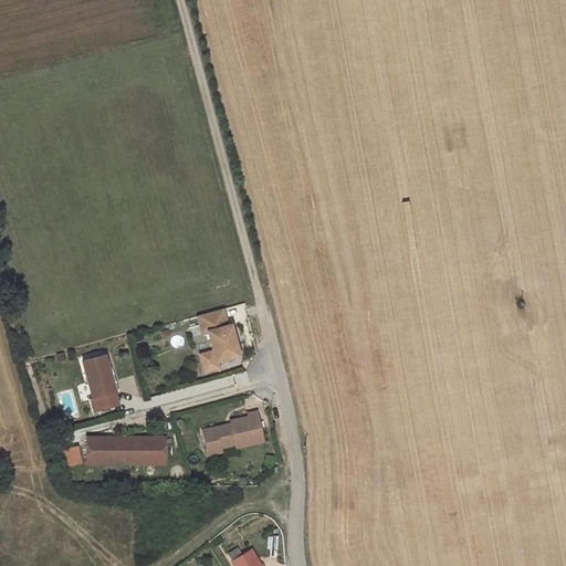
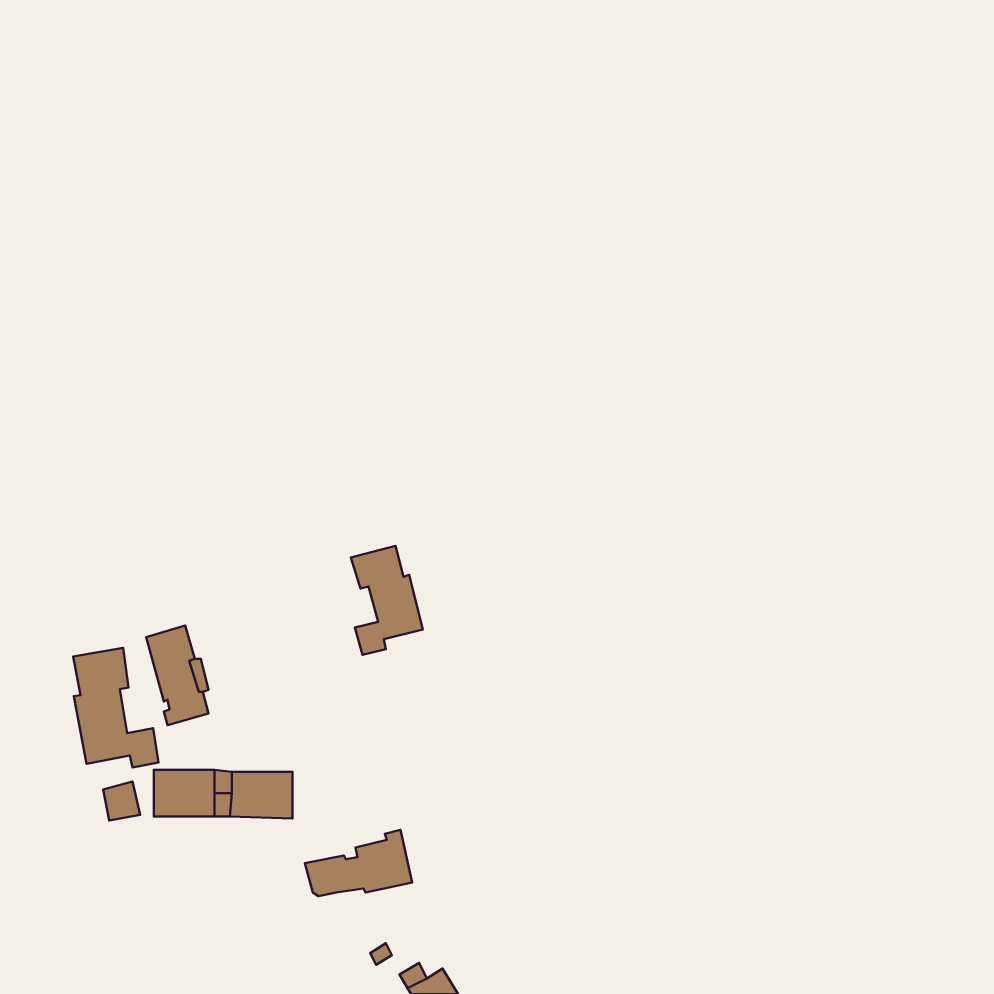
building: none -> [73,648,159,767]
building: [203,412,264,450] -> [305,830,412,896]

